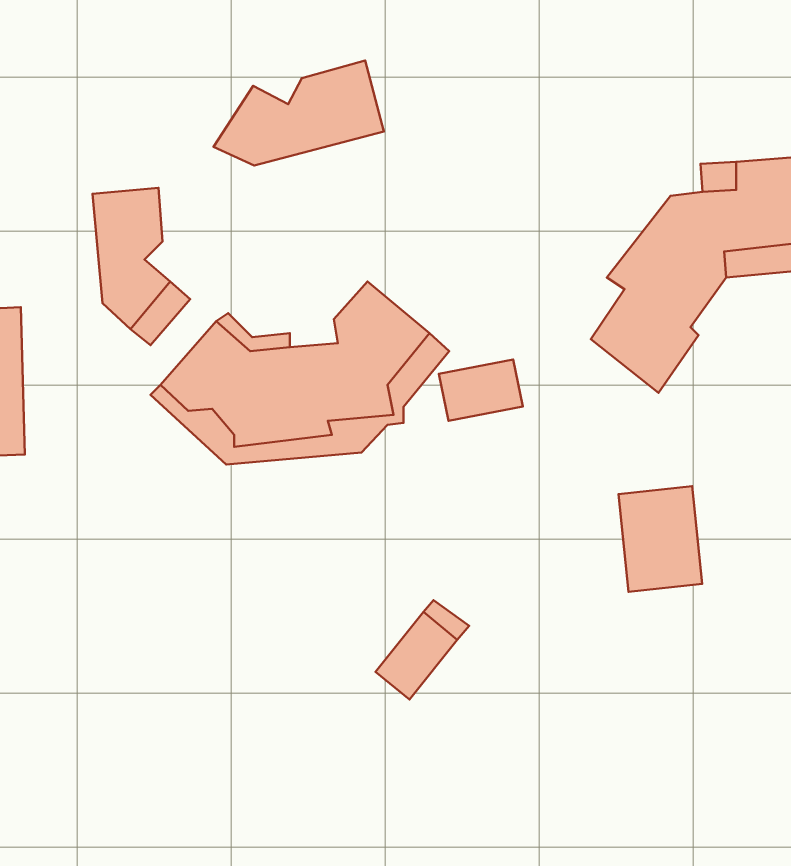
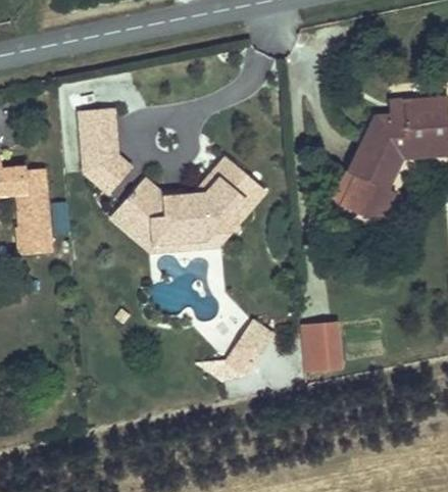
building: [214,60,384,166] -> none
building: [439,360,523,421] -> none
building: [618,486,702,592] -> [305,321,348,375]

